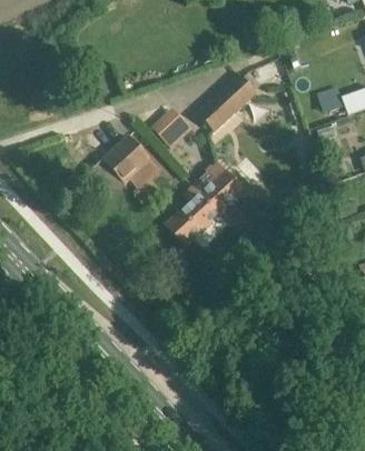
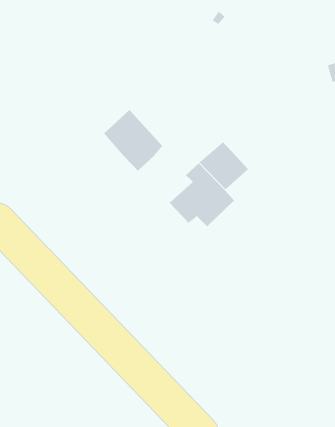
building: [198,73,258,131] -> none
building: [148,103,190,146] -> none

